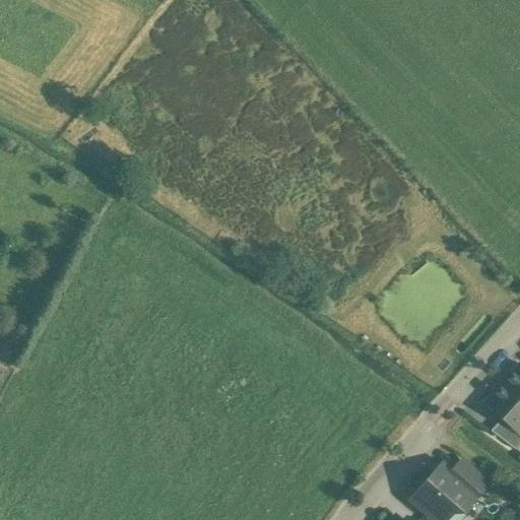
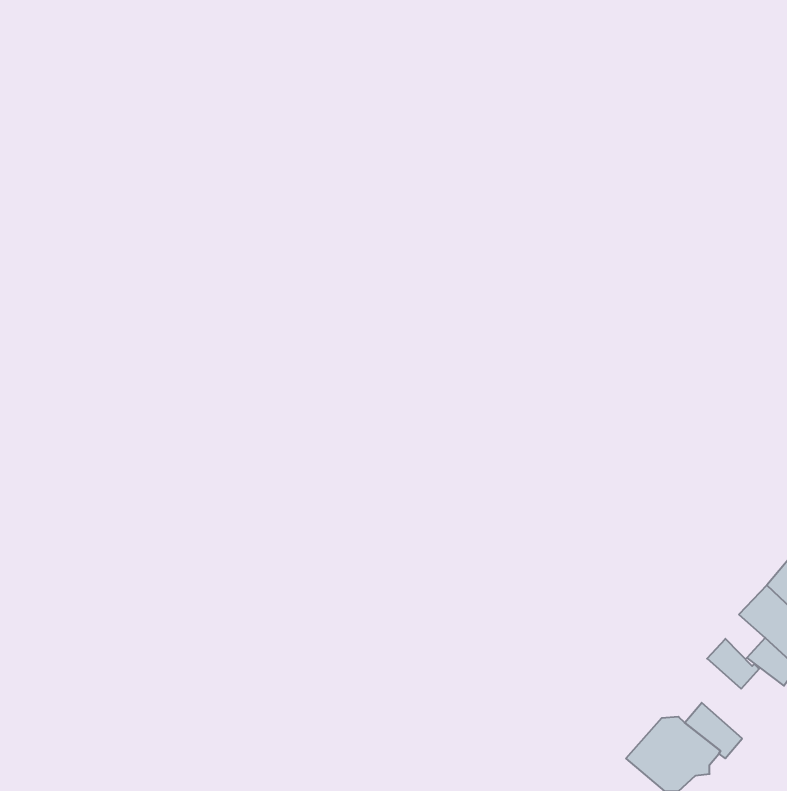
building: none -> [707,639,759,689]

